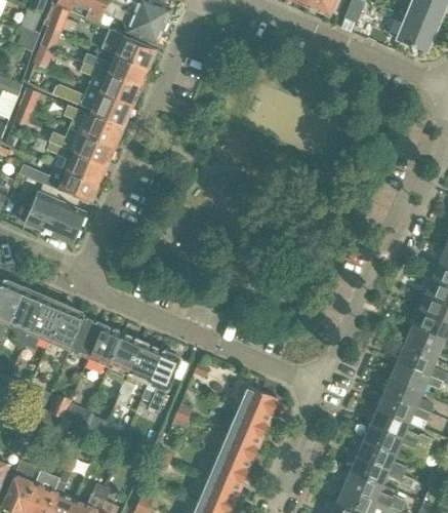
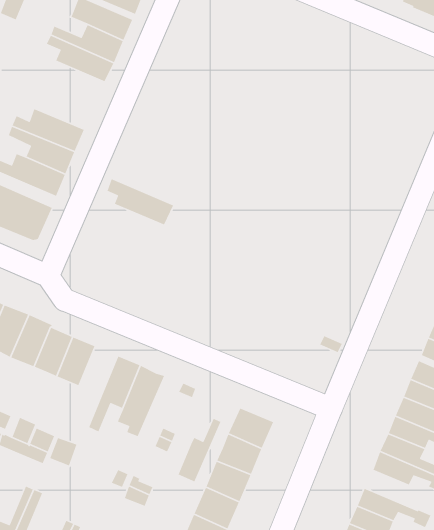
building: [53,84,131,123] -> none
building: [64,104,122,145] -> [107,178,174,225]
building: [109,332,142,376] -> none
building: none -> [177,418,222,483]
building: [356,440,405,475] -> none

